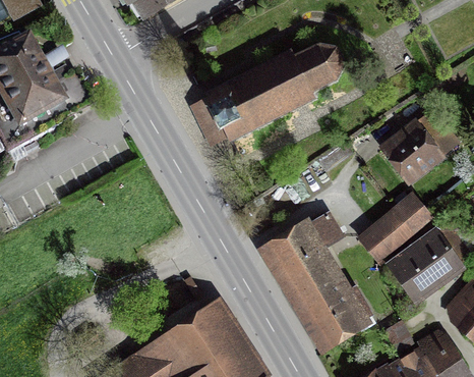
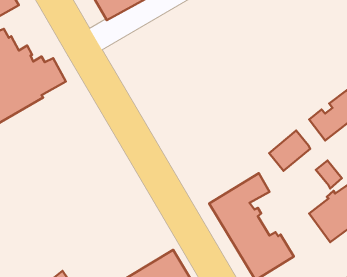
building: [204,43,343,140] -> none
building: [363,208,413,257] -> [269,130,310,171]

